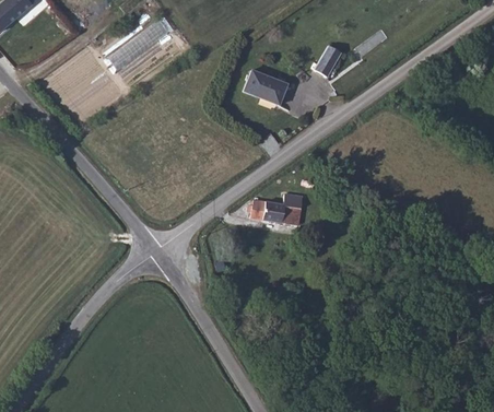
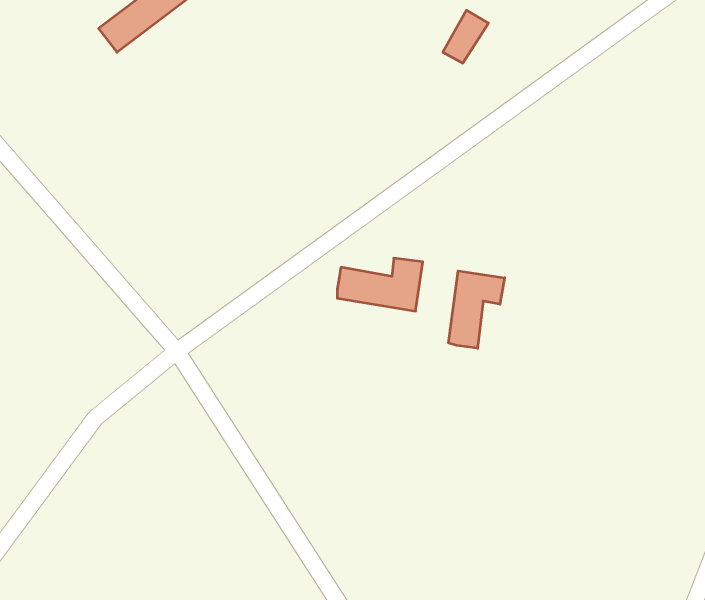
building: [244,70,287,105] -> none
building: none -> [449,271,505,348]

